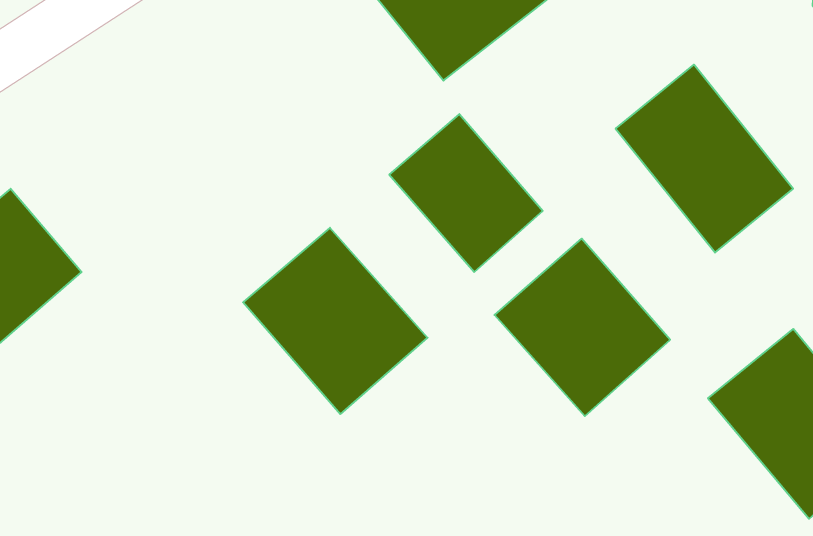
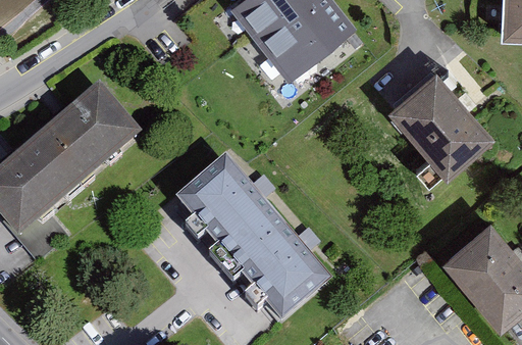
building: none -> [40,90,141,189]
building: [389,114,543,272] -> none
building: [494,239,670,416] -> [229,227,330,329]

